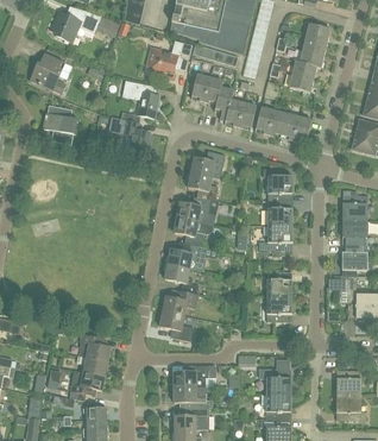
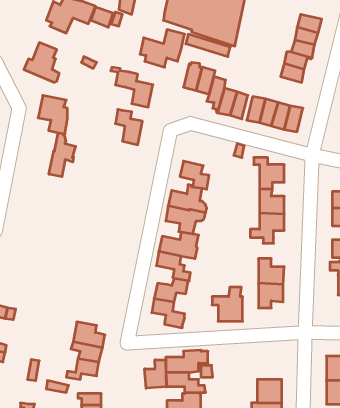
building: none -> [49,133,76,177]
building: [190,151,223,176] -> none
building: [259,358,290,392] -> [212,287,243,321]
building: none -> [145,360,166,388]

